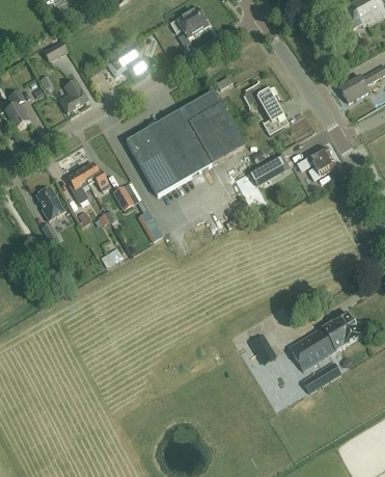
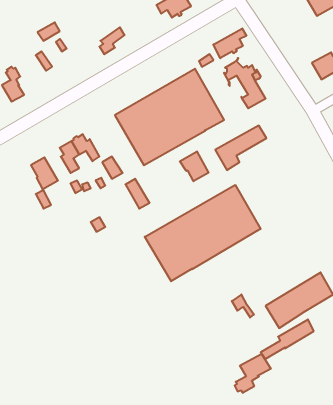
building: none -> [213,28,246,58]
building: [58,80,87,113] -> none
building: [296,147,335,176] -> none
building: none -> [180,151,209,181]
building: none -> [145,185,261,281]
building: none -> [235,354,271,393]

